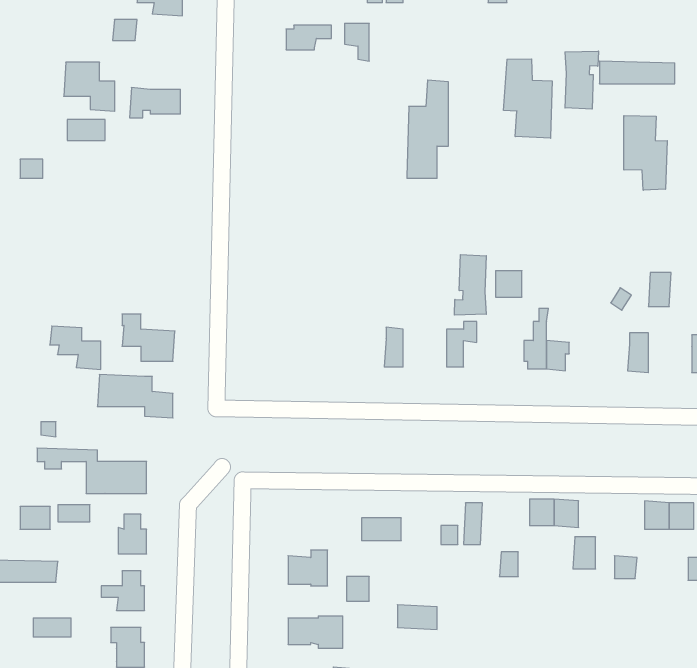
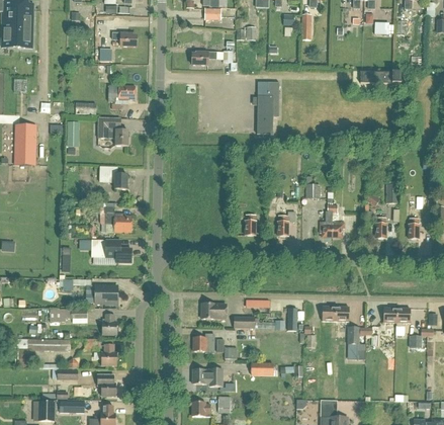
building: [565,51,598,109] -> none
building: [504,59,552,138] -> none
building: [64,62,115,111] -> [101,119,128,146]
building: [624,116,667,190] -> none
building: [454,255,486,315] -> none
building: [50,326,101,369] -> [100,166,127,189]
building: none -> [201,303,227,319]

